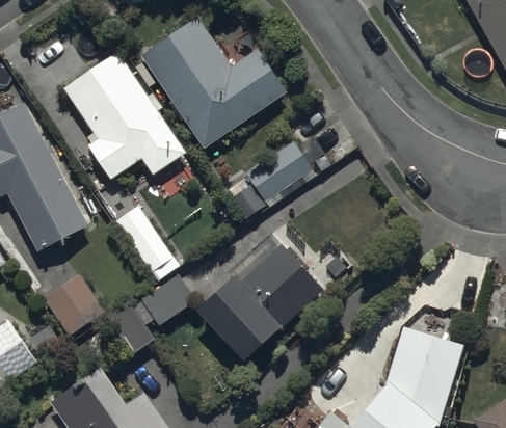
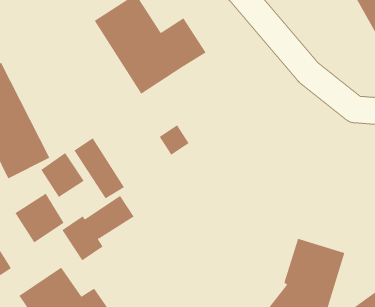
building: [64,51,187,180] -> none
building: [246,139,315,202] -> none
building: none -> [40,152,84,198]
building: [198,237,325,360] -> none

